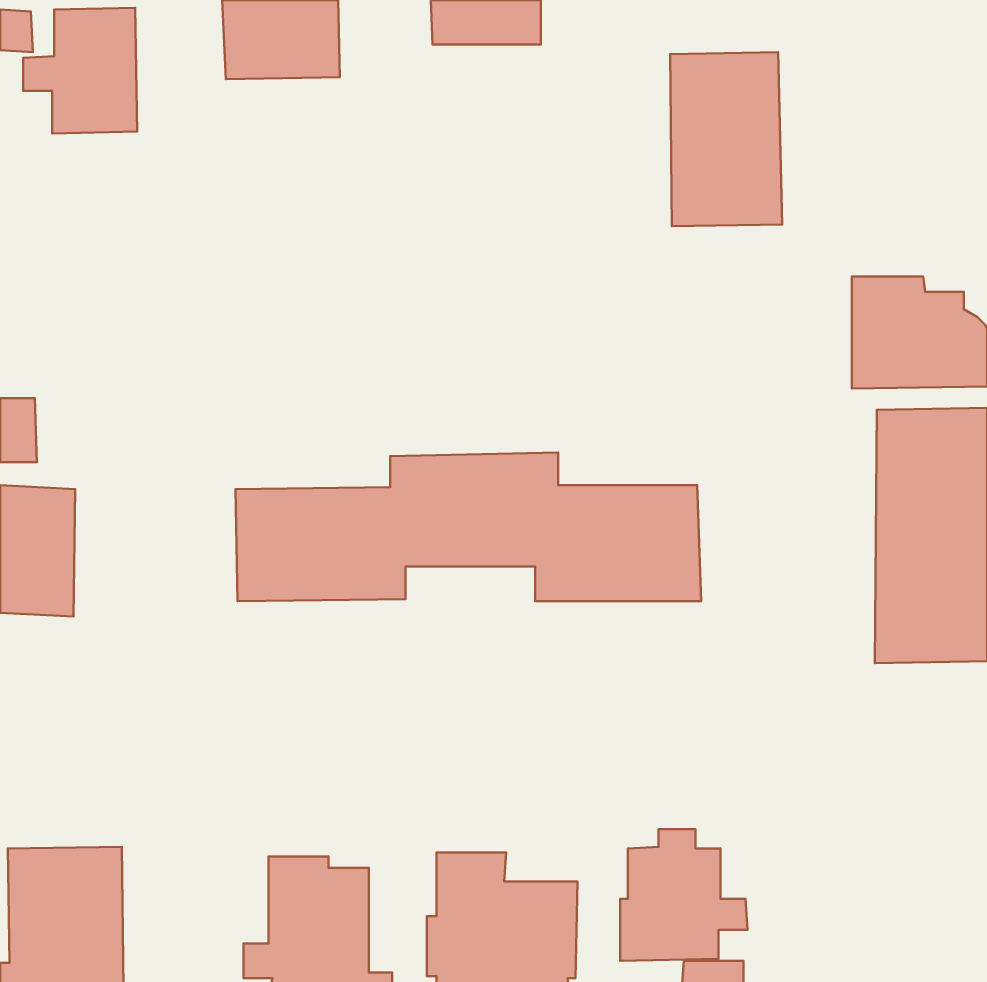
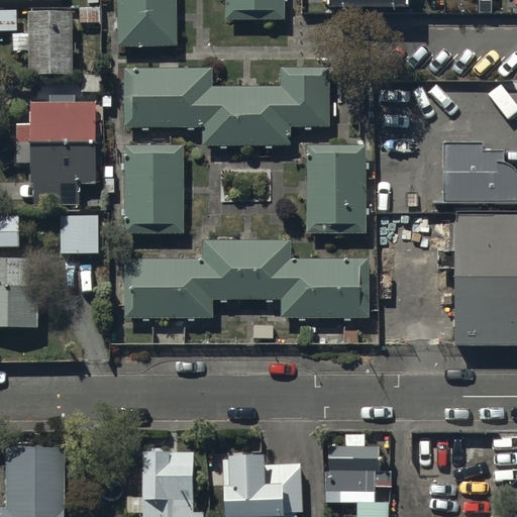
building: [670,52,782,226] -> [305,141,364,232]
building: none -> [123,67,327,145]
building: none -> [15,97,97,206]
building: none -> [123,141,183,234]
building: none -> [58,215,99,252]

